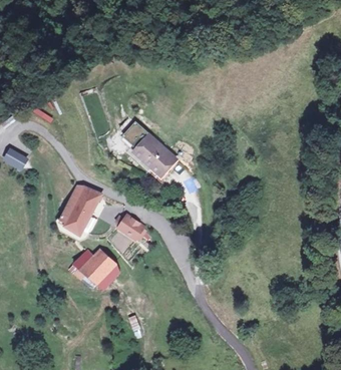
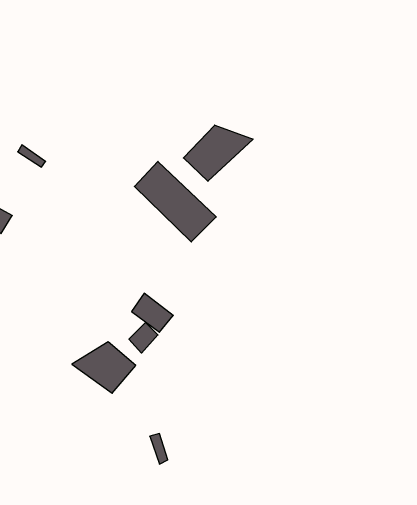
building: none -> [183,125,253,181]
building: [60,188,103,239] -> none

